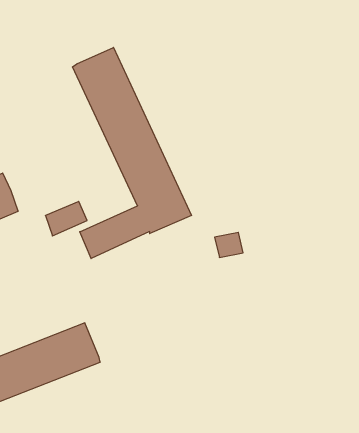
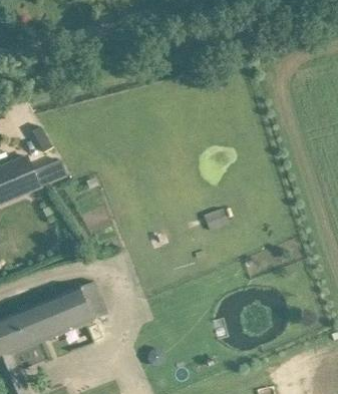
building: [73,47,192,259] -> none
building: [45,201,87,236] -> [33,158,68,187]

